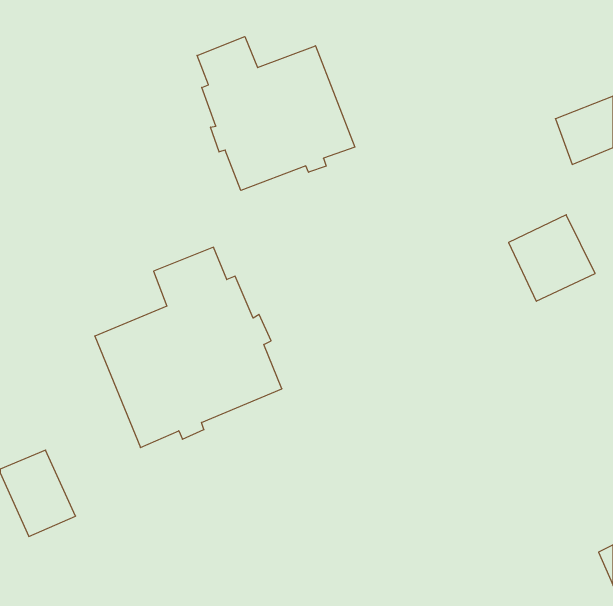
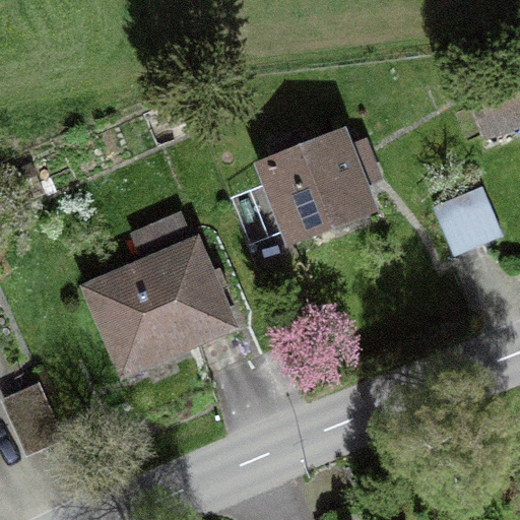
building: [197,37,355,190] -> none
building: none -> [252,128,379,250]

